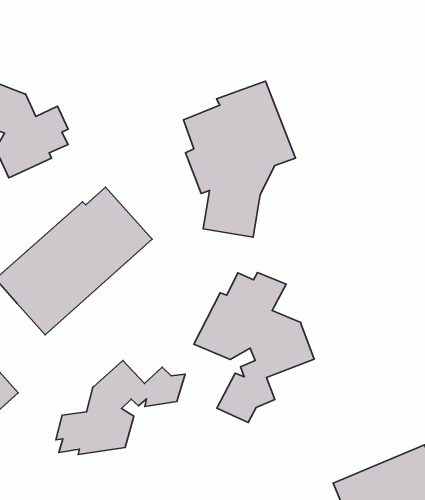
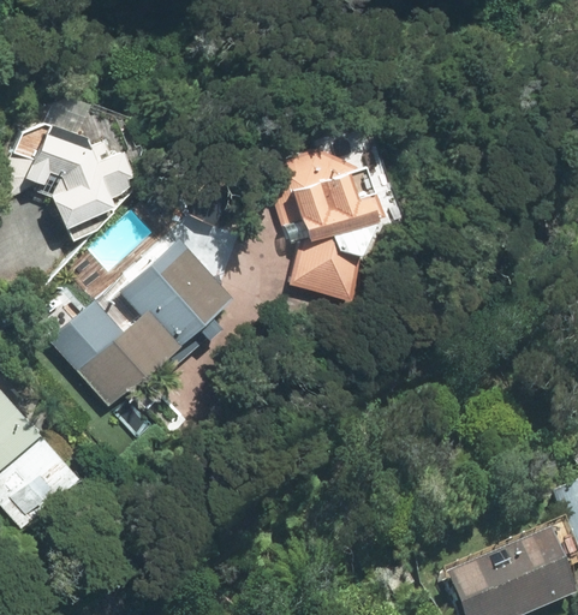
building: [194,272,314,422] -> none
building: [56,361,185,455] -> none

